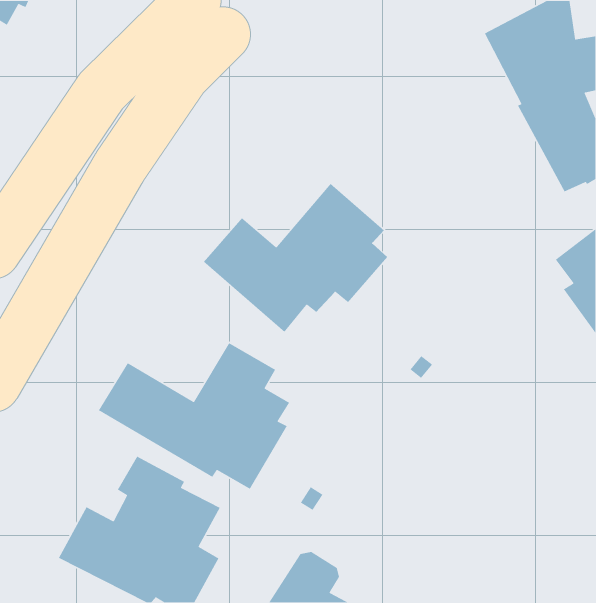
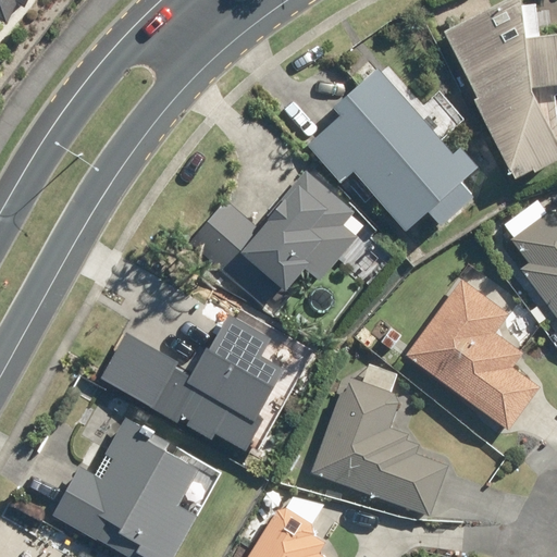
building: none -> [308,69,482,228]
building: none -> [406,280,539,429]
building: none -> [311,376,447,516]

